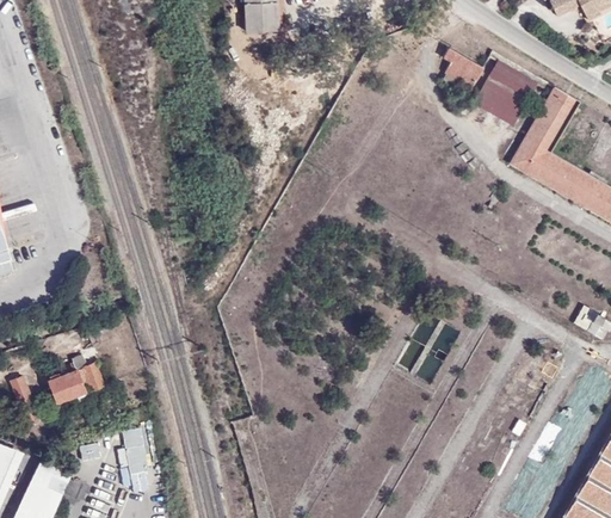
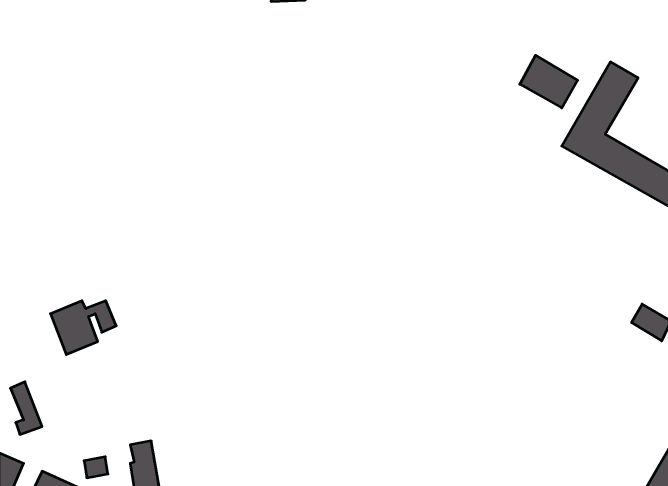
building: [444,47,485,88] -> none
building: [490,60,537,98] -> none
building: [45,362,105,411] -> [50,301,116,355]

